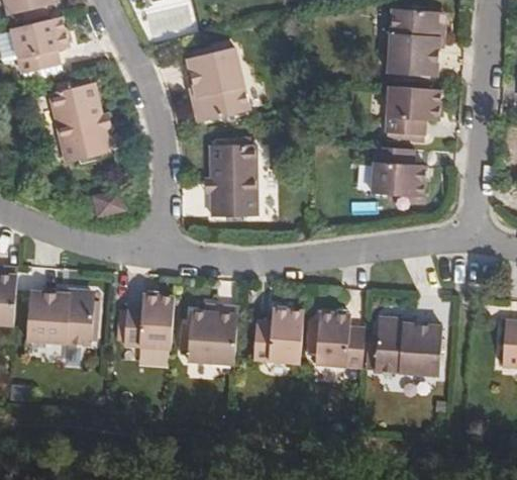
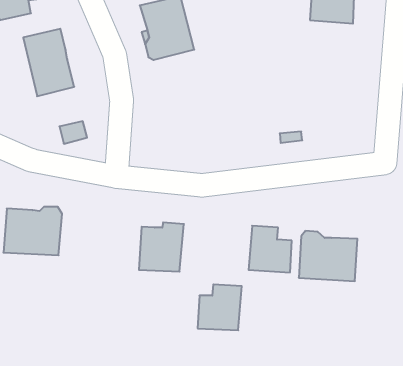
building: [384,86,441,134] -> none
building: [209,143,256,215] -> none
building: [373,146,431,196] -> none
building: [122,297,174,351] -> none
building: [251,311,303,365] -> [198,284,242,330]

